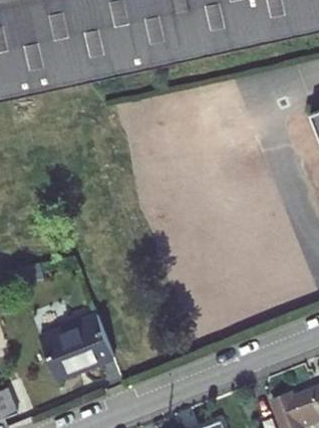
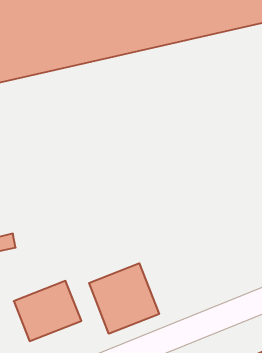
building: none -> [89,263,159,334]

